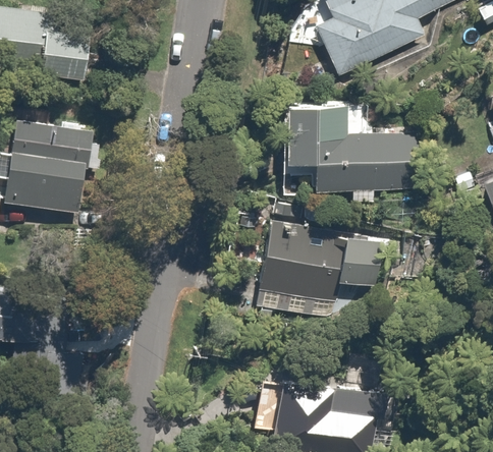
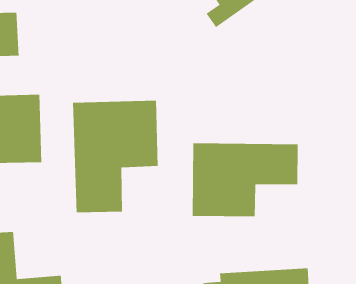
building: [281,103,419,192] -> none
building: none -> [72,100,159,213]

